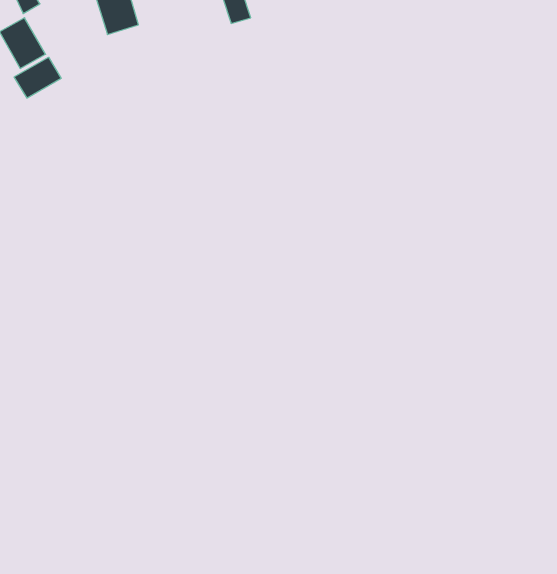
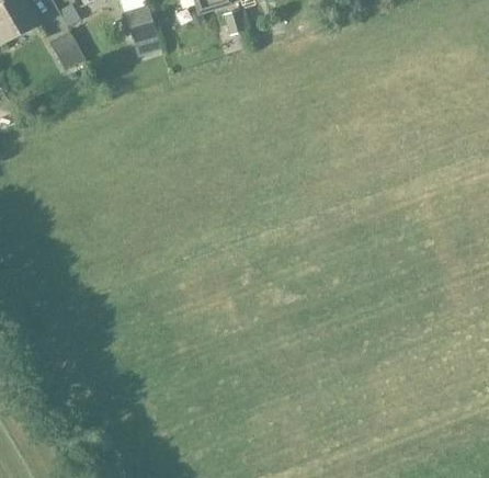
building: [14,57,61,98] -> none

